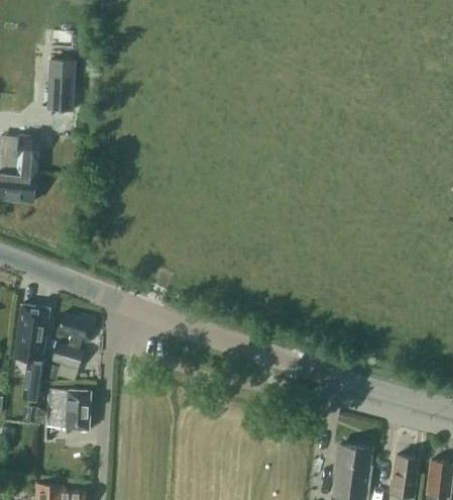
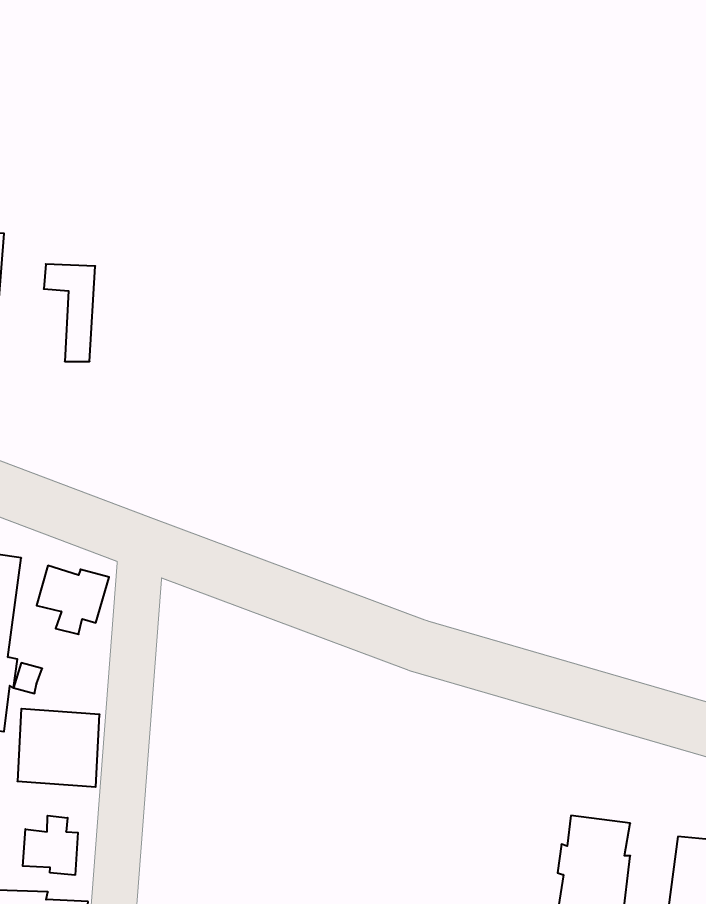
building: [47,60,75,111] -> [44,264,95,361]
building: [50,343,83,370] -> none
building: none -> [23,816,78,875]

